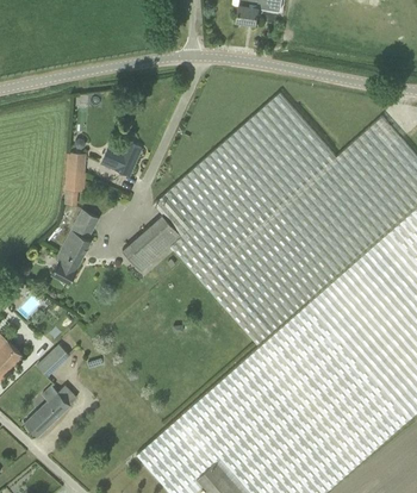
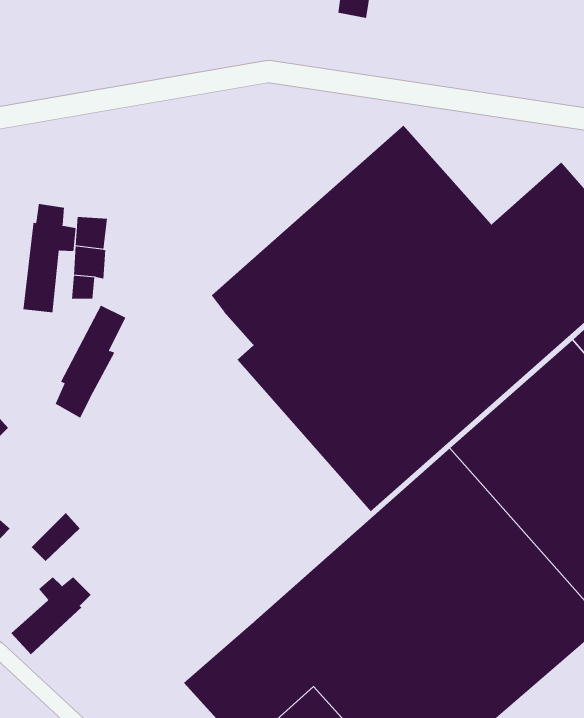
building: [100,142,142,176] -> none
building: none -> [23,203,76,313]
building: [123,214,181,272] -> none

